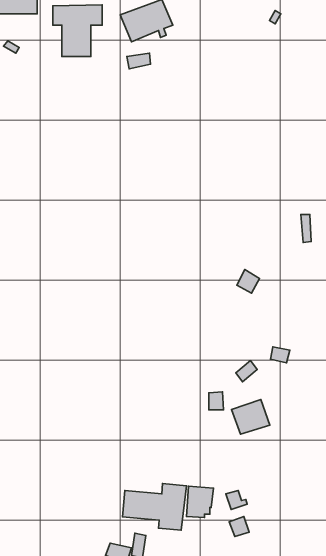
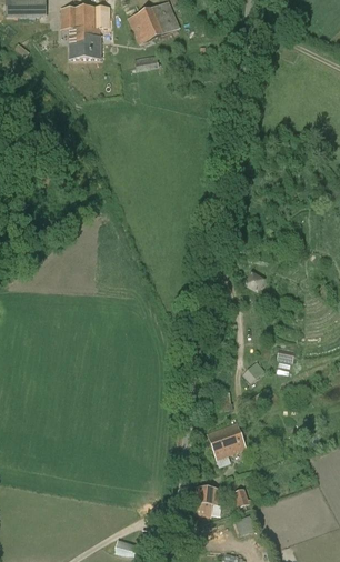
building: [232,399,270,434] -> [207,424,244,459]
building: [122,484,186,530] -> none

